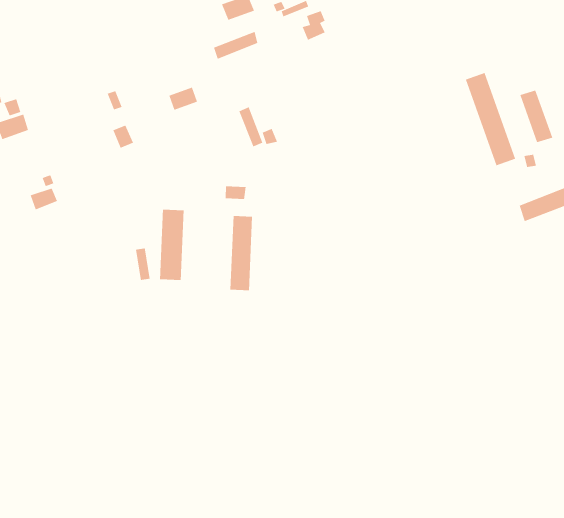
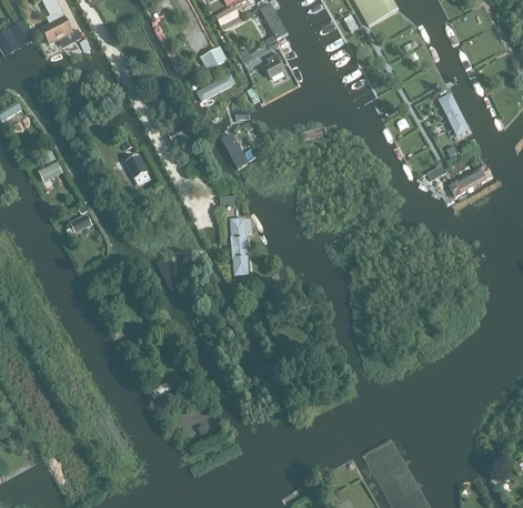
building: [465,72,516,166] -> none
building: [159,209,184,281] -> none

